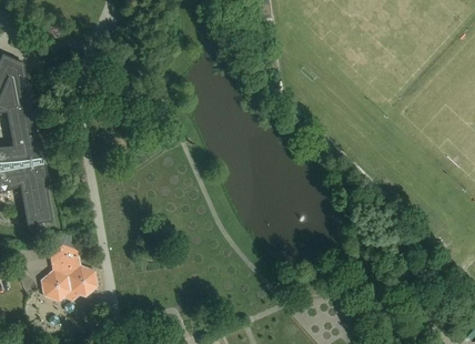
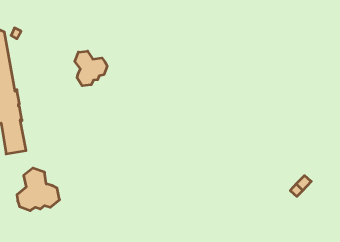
building: none -> [75,51,107,86]

